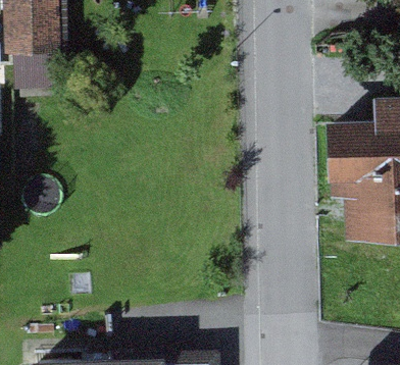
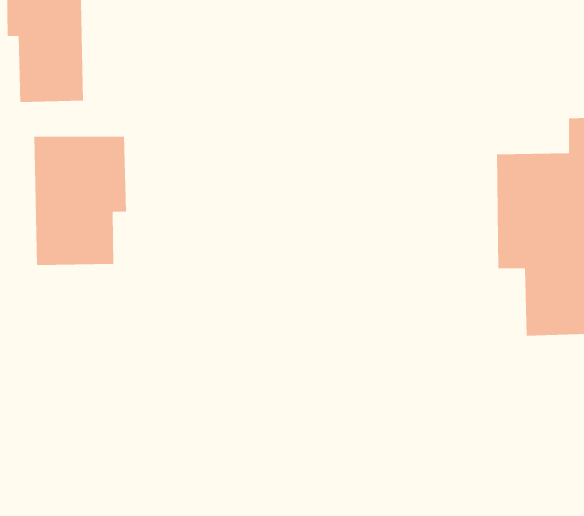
building: none -> [34,136,126,266]

